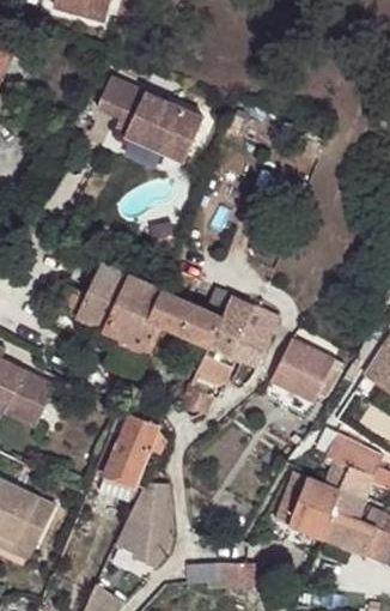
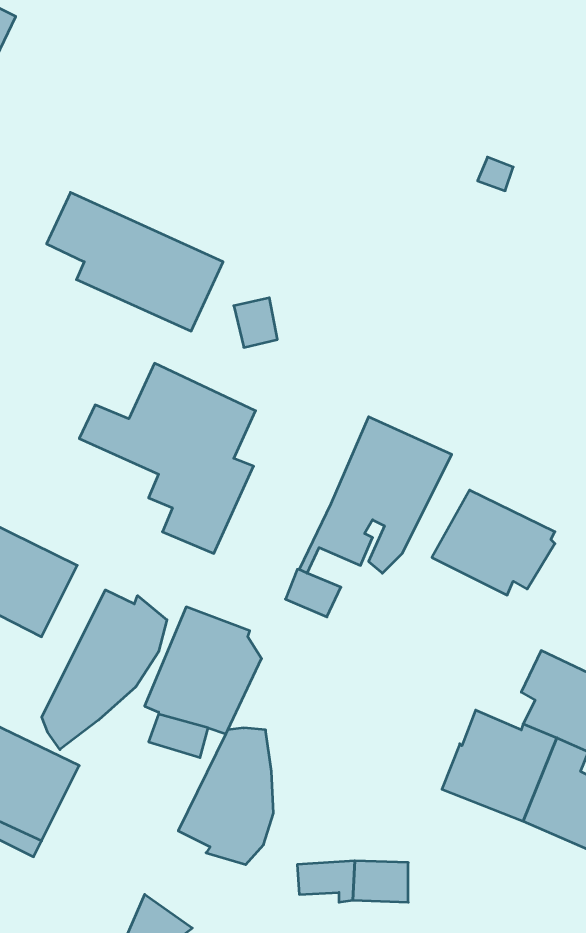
building: [97,77,203,161] -> [47,192,223,331]
building: [150,288,231,347] -> none
building: none -> [42,590,167,750]

